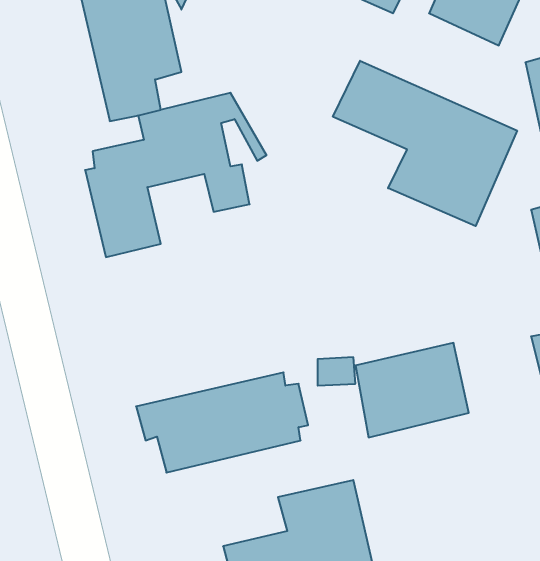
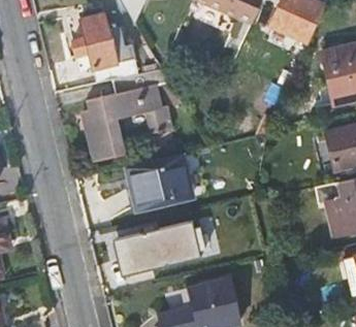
building: [333,61,517,226] -> none
building: [355,343,469,437] -> [130,158,192,209]

